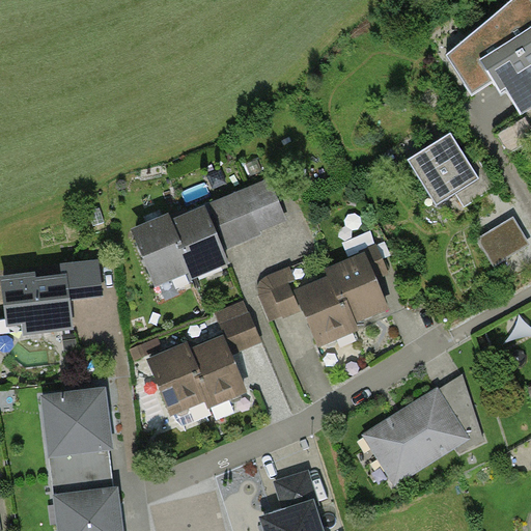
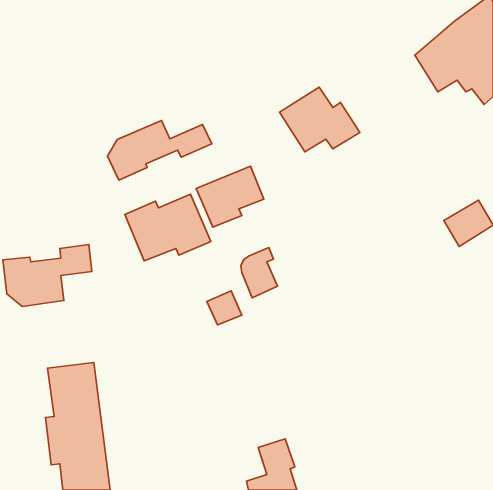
building: none -> [107,121,212,180]
building: [408,138,494,207] -> [280,87,360,152]
building: [297,244,386,341] -> none
building: [150,338,243,423] -> none
building: [366,374,481,480] -> none

